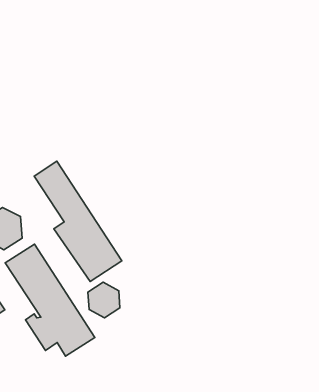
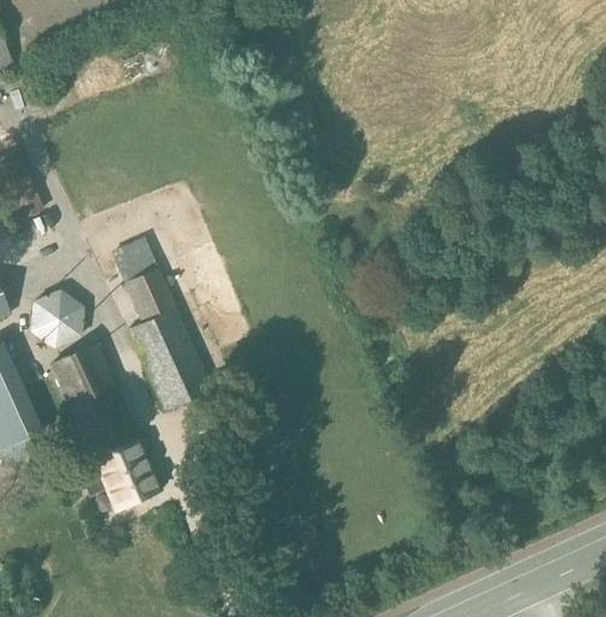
building: [88,282,120,318] -> none

